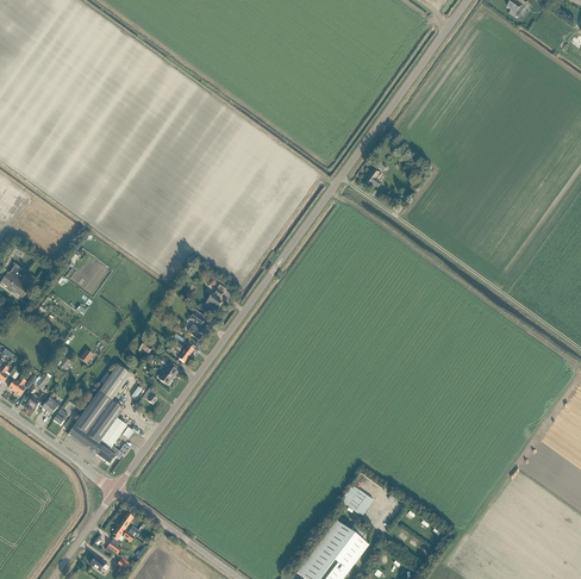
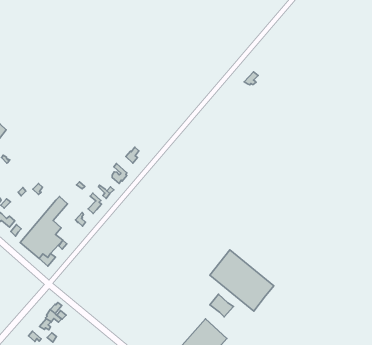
building: none -> [210,250,274,311]

